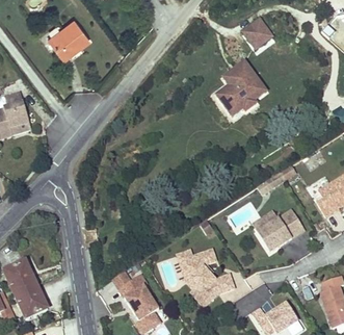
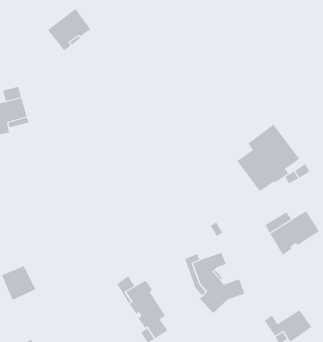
building: [243,17,274,48] -> none
building: [209,57,269,122] -> [236,124,300,192]
building: [14,284,48,318] -> none

